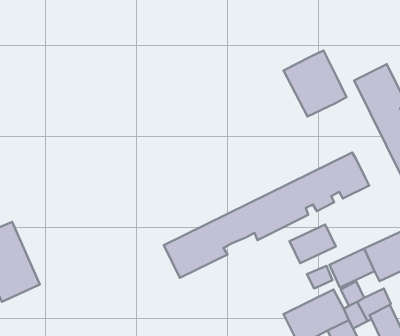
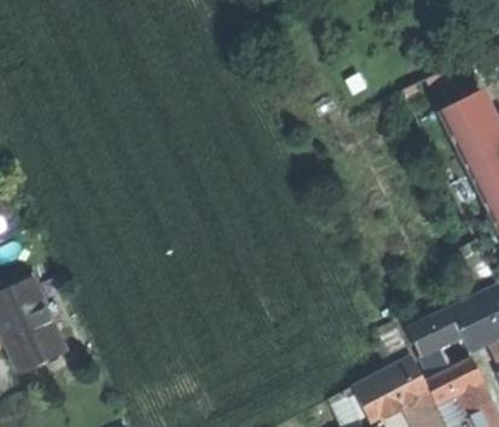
building: [284,50,346,117] -> none
building: [164,152,369,278] -> none
building: [290,224,336,263] -> none

